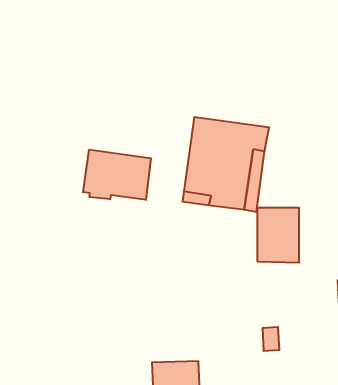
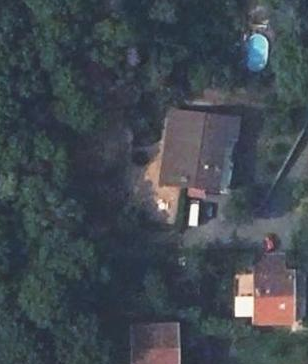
building: [83,150,151,200] -> none
building: [257,208,299,263] -> [255,273,292,321]

